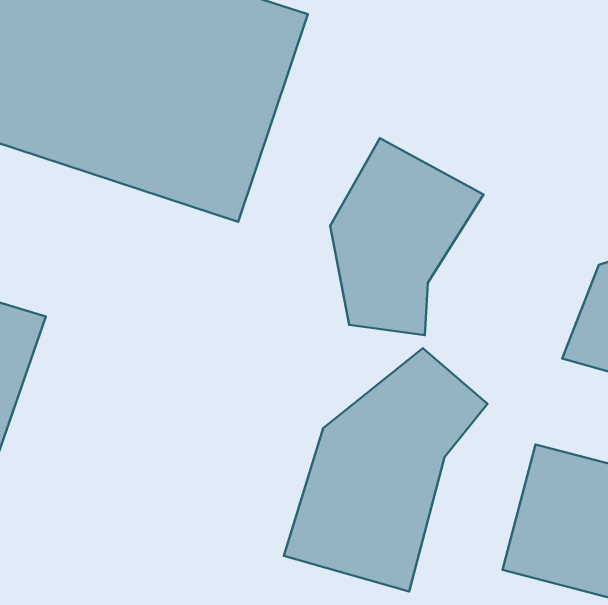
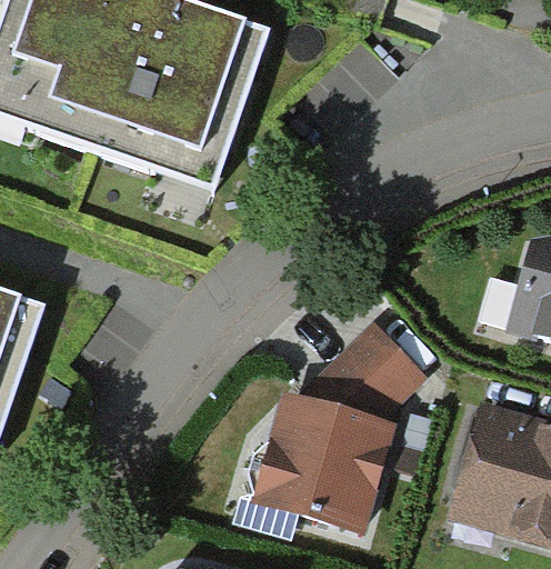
building: [330,138,484,335] -> none

